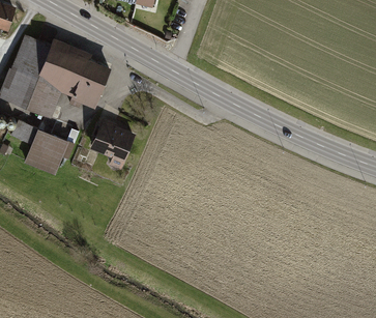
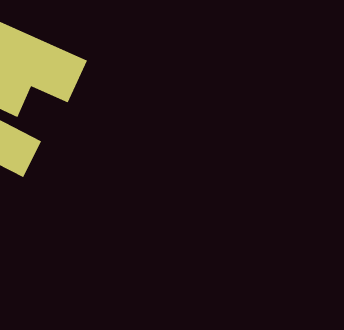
building: [87,119,136,166] -> none

